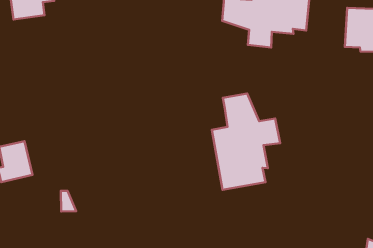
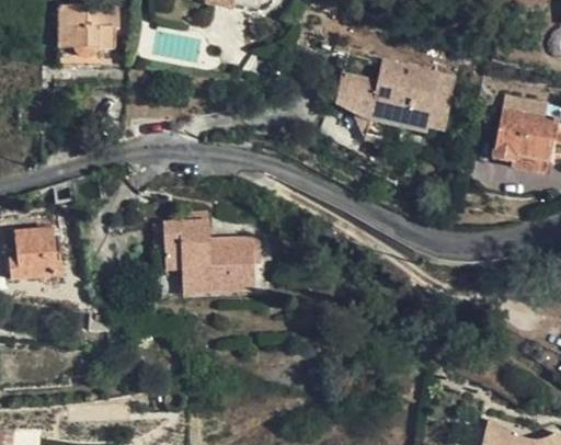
building: [212,94,280,190] -> none
building: none -> [153,209,261,286]

